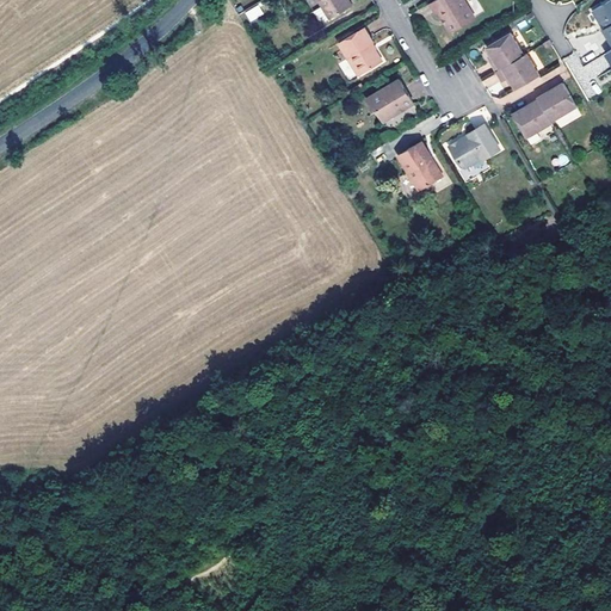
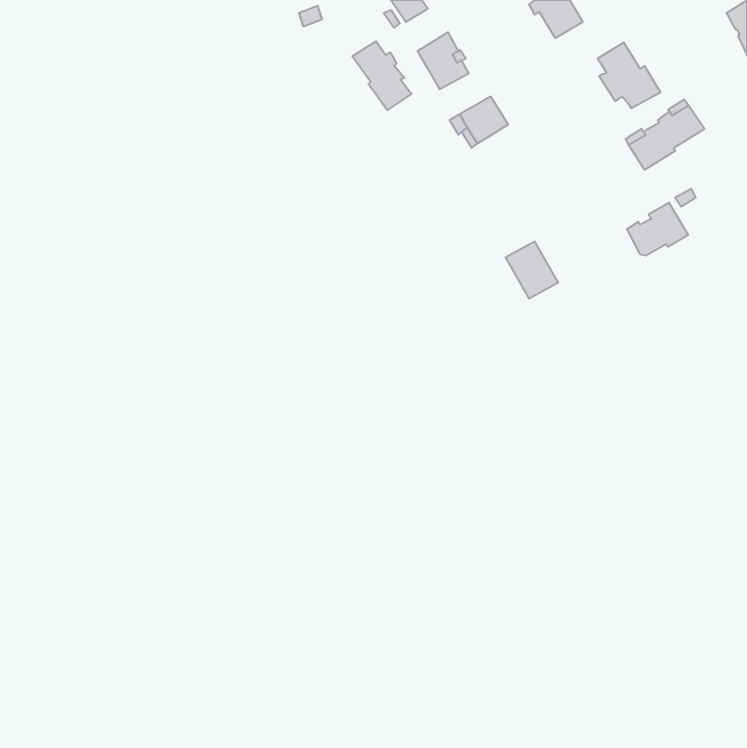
building: none -> [352,41,412,110]
building: [450,123,500,166] -> [627,203,688,255]
building: [399,141,442,187] -> [505,241,558,299]

